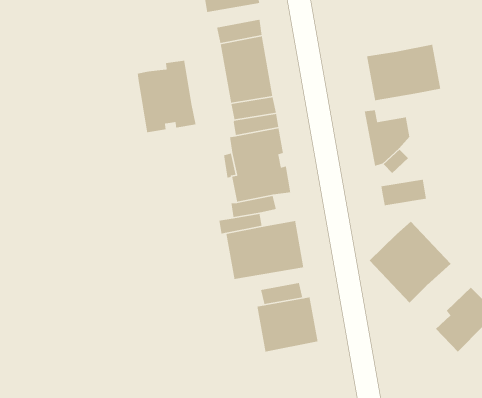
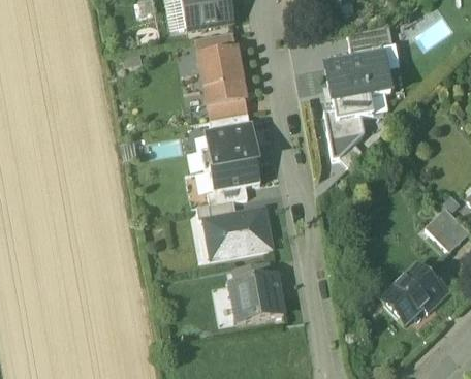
building: none -> [347,25,392,59]
building: [137,60,196,133] -> none
building: [381,179,427,206] -> [333,96,373,120]
building: [369,221,451,304] -> none

